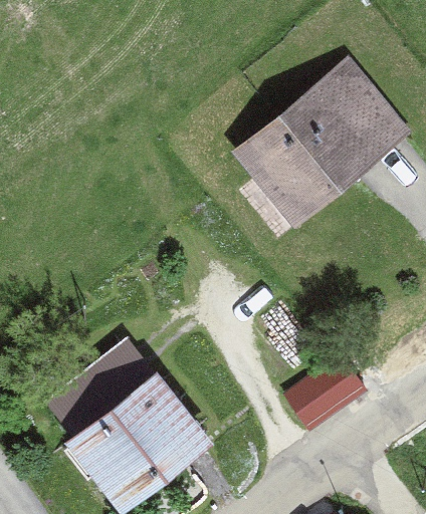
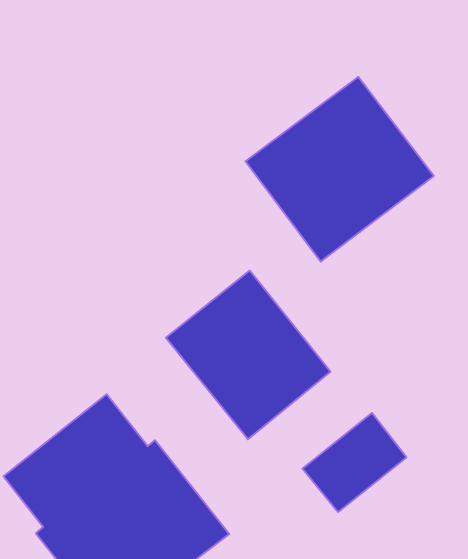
building: none -> [166,271,330,439]

